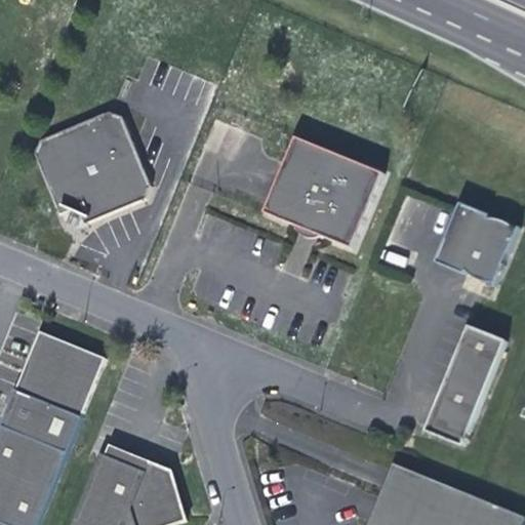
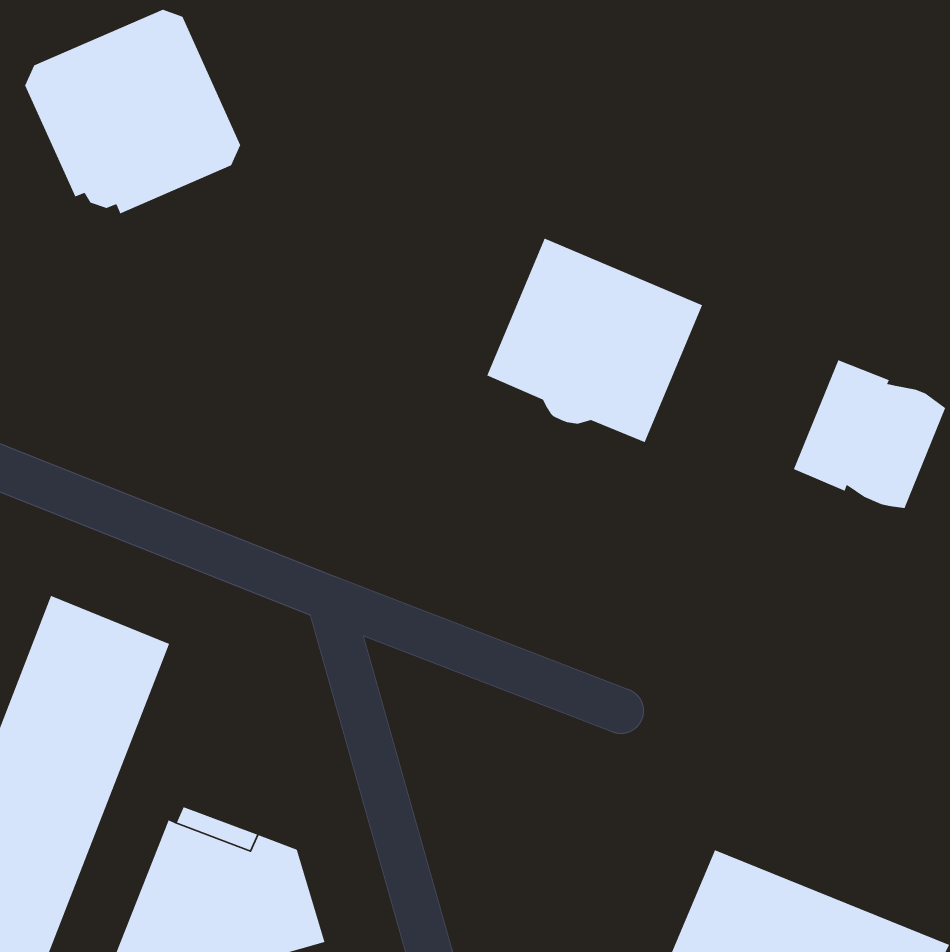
building: [37,109,156,221] -> [24,9,241,214]
building: [427,321,509,442] -> none

